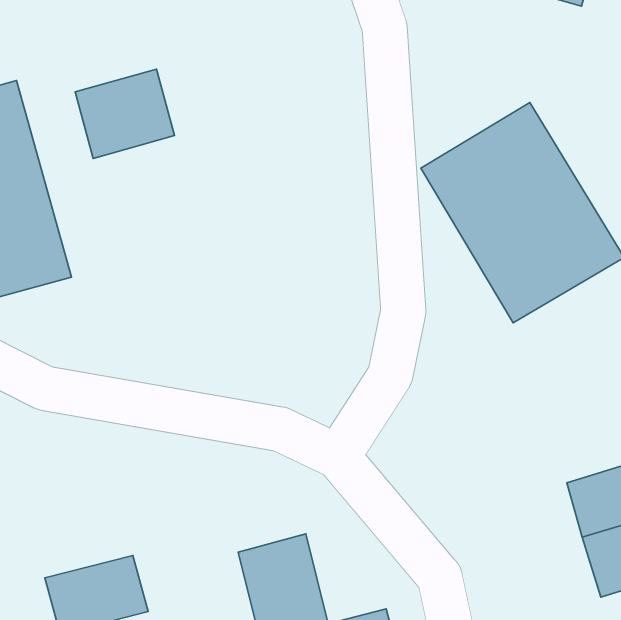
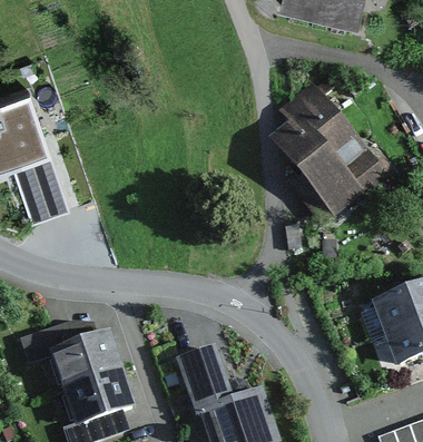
building: [75,69,175,158] -> none
building: none -> [50,335,114,385]

